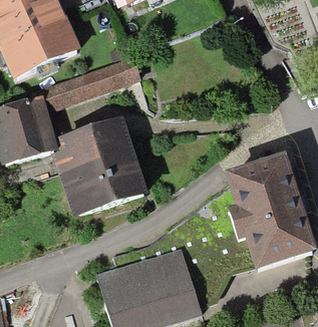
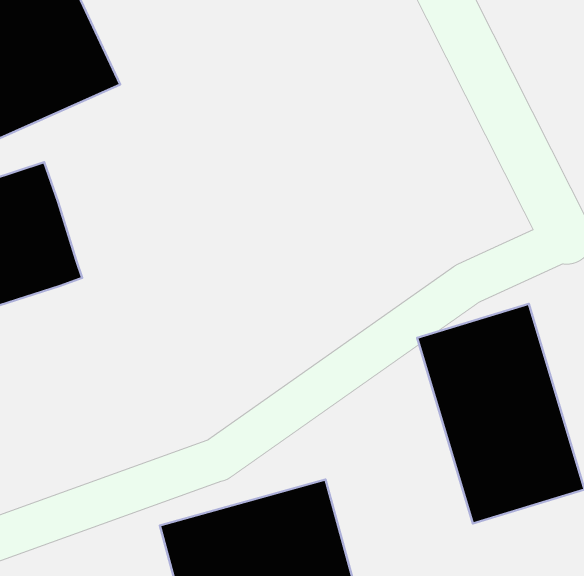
building: [40,60,132,108] -> none
building: [48,116,146,217] -> none

